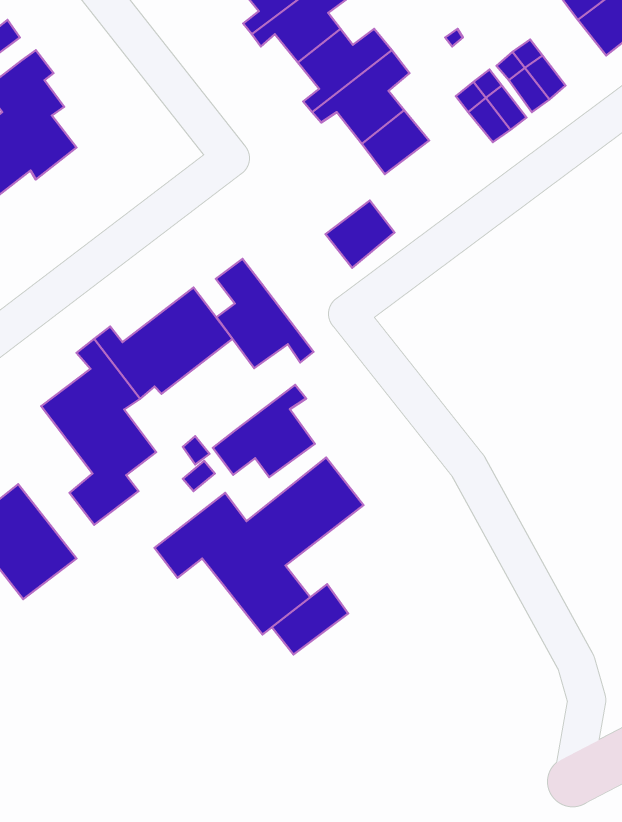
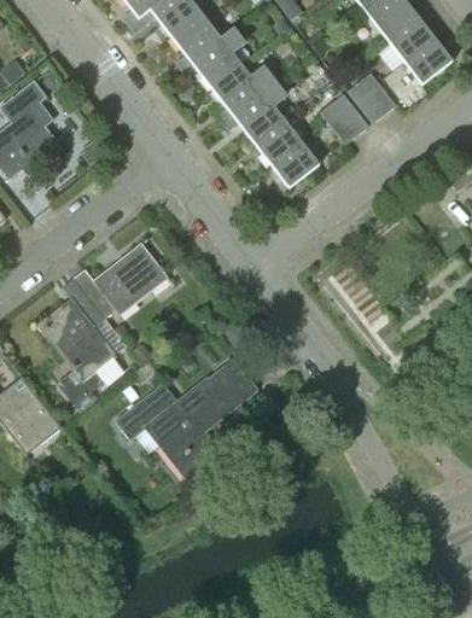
building: [326,201,395,268] -> [272,141,319,187]
building: [216,259,314,368] -> none
building: [213,385,315,477] -> none
building: [272,584,348,655] -> none

